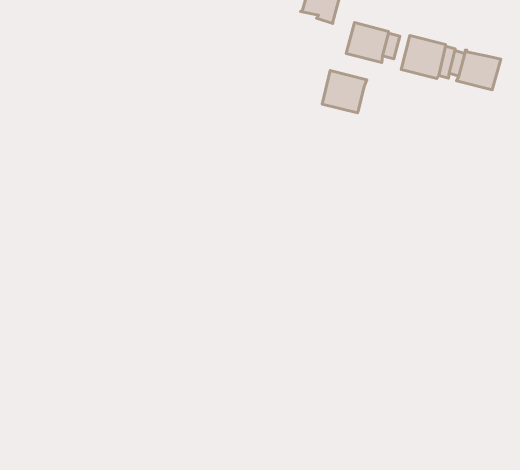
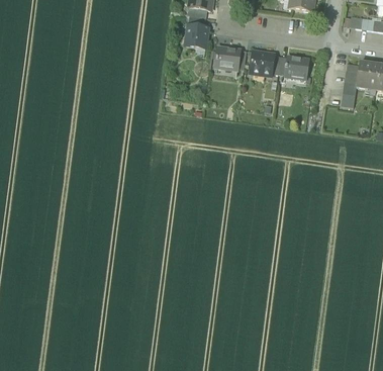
building: [322,70,367,113] -> none

